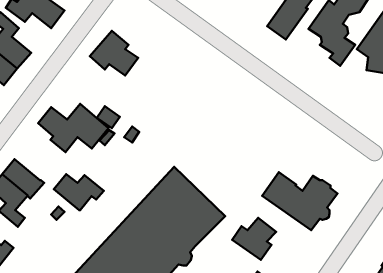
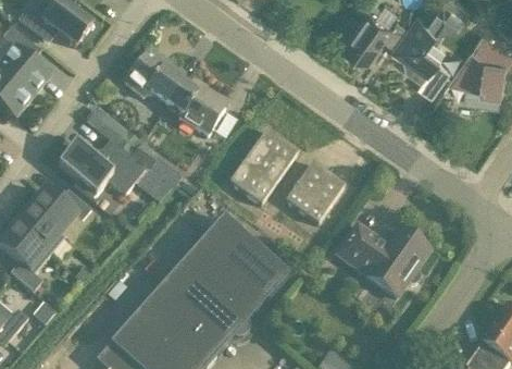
building: none -> [165,81,225,134]
building: none -> [95,111,139,152]
building: none -> [227,127,297,202]
building: none -> [284,160,344,221]
building: [54,174,104,210] -> [28,187,90,232]
building: [232,218,276,260] -> none

